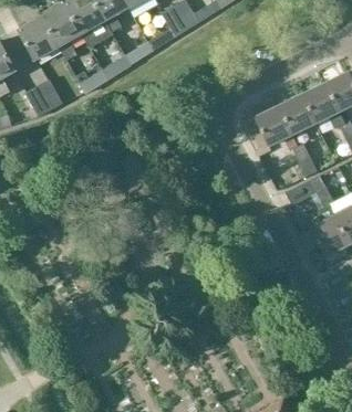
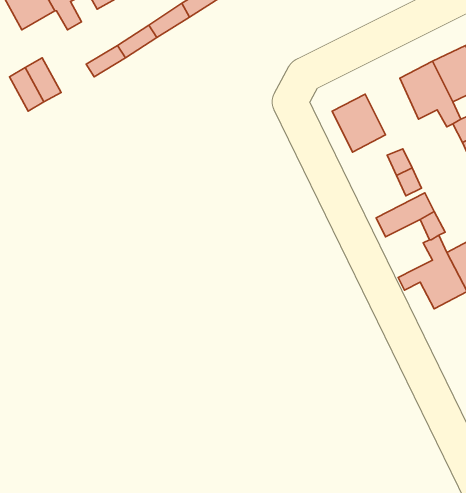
building: [277,93,314,133] -> none

